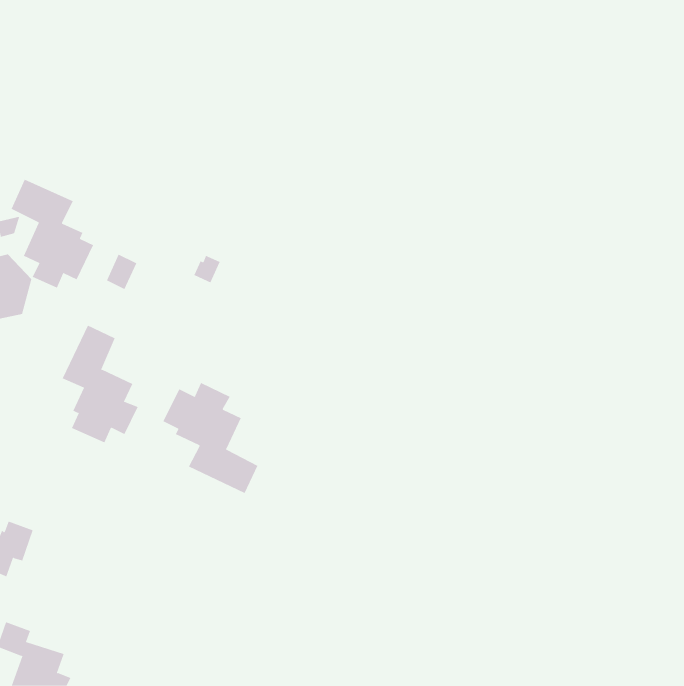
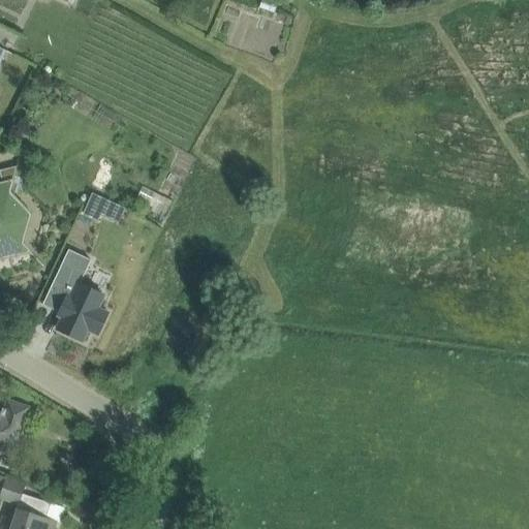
building: [11,179,94,289] -> none
building: [162,382,258,494] -> none

